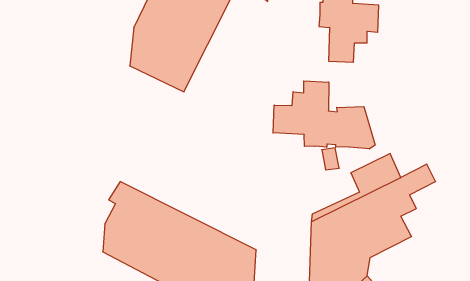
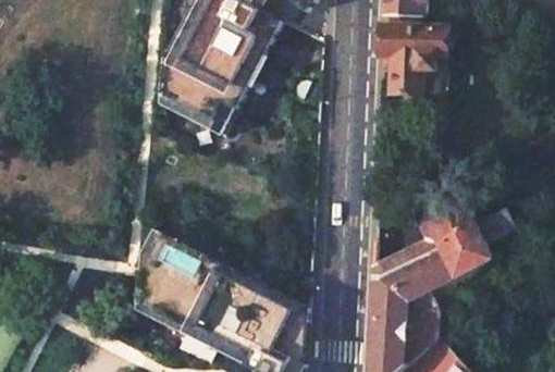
building: [273,81,375,149] -> none

